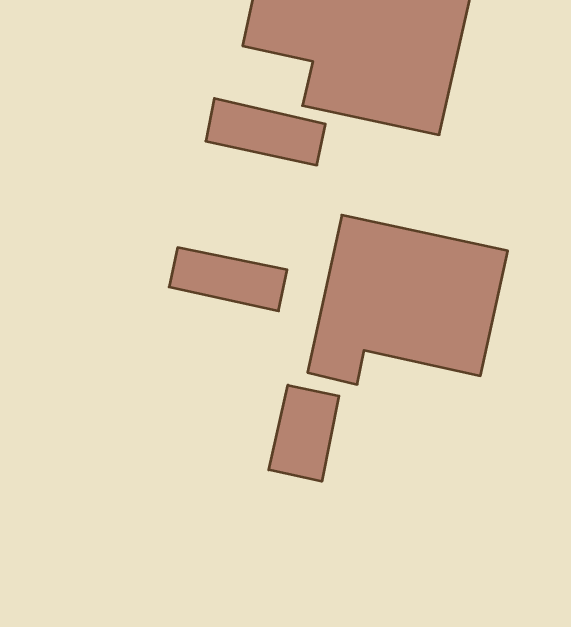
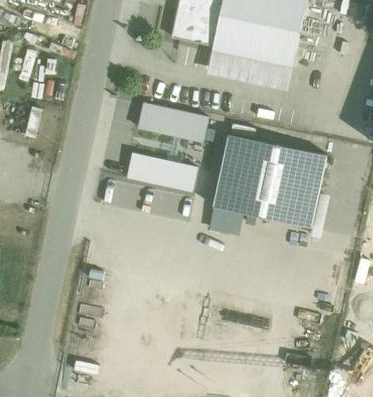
building: [206,98,325,165] -> [138,102,208,141]
building: [269,385,339,481] -> none

